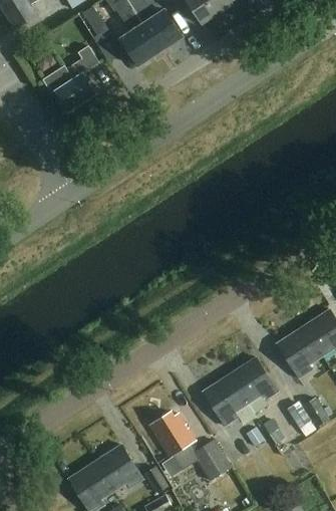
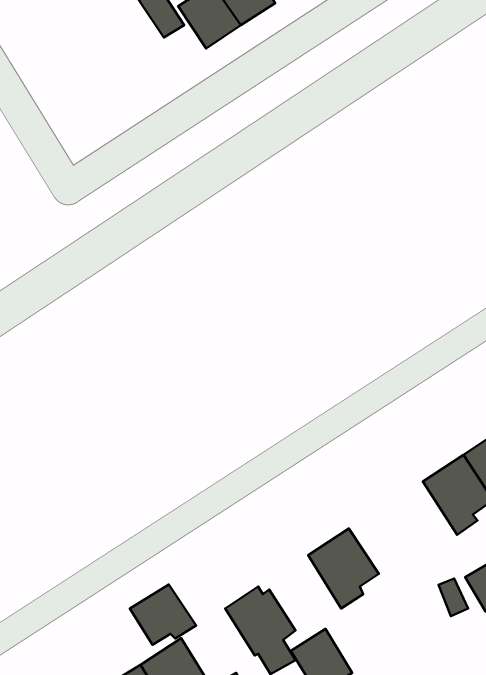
building: [43,46,98,111] -> none
building: [230,356,278,403] -> none
building: none -> [130,585,196,645]

